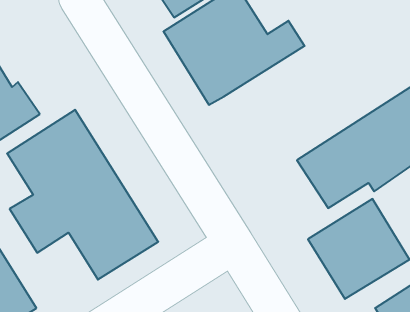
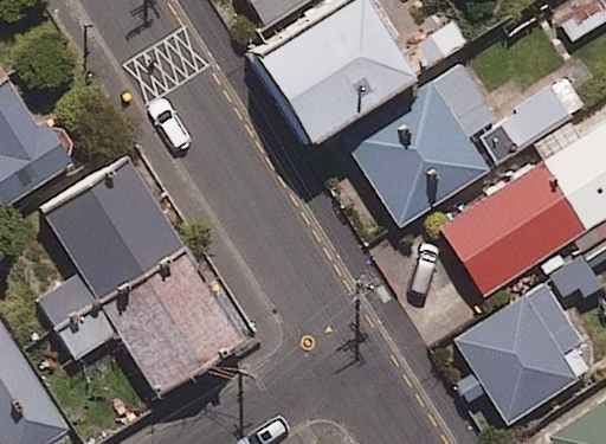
building: none -> [336,58,574,233]

